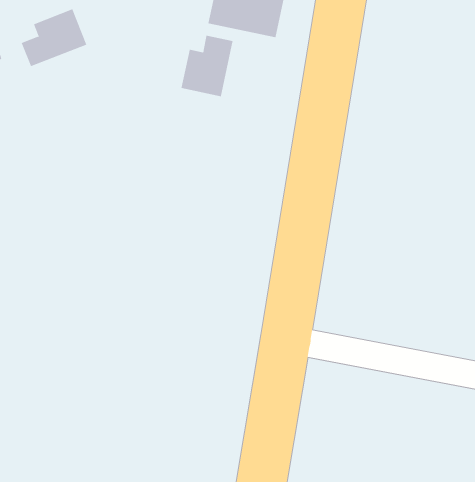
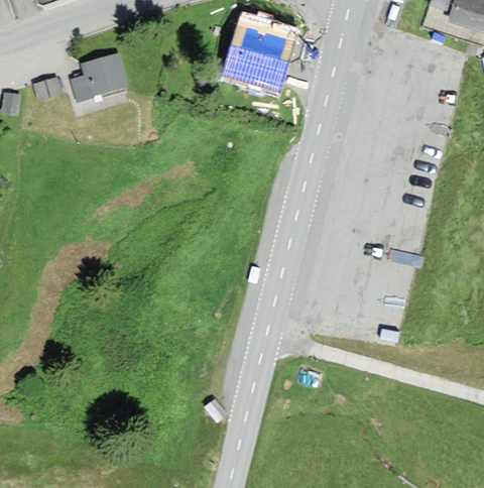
building: [181,35,233,97] -> none

